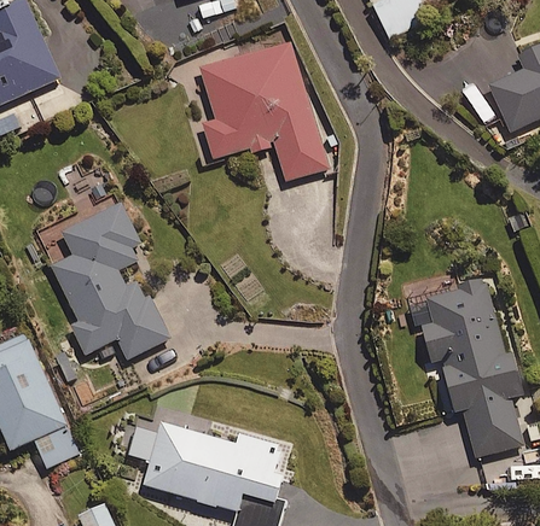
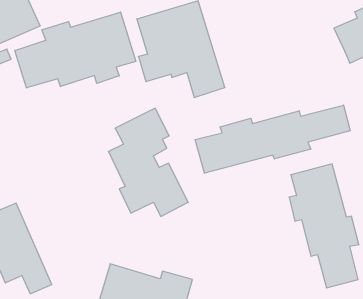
building: none -> [15,12,136,88]
building: none -> [195,105,350,173]
building: [52,201,168,358] -> [108,108,188,216]

